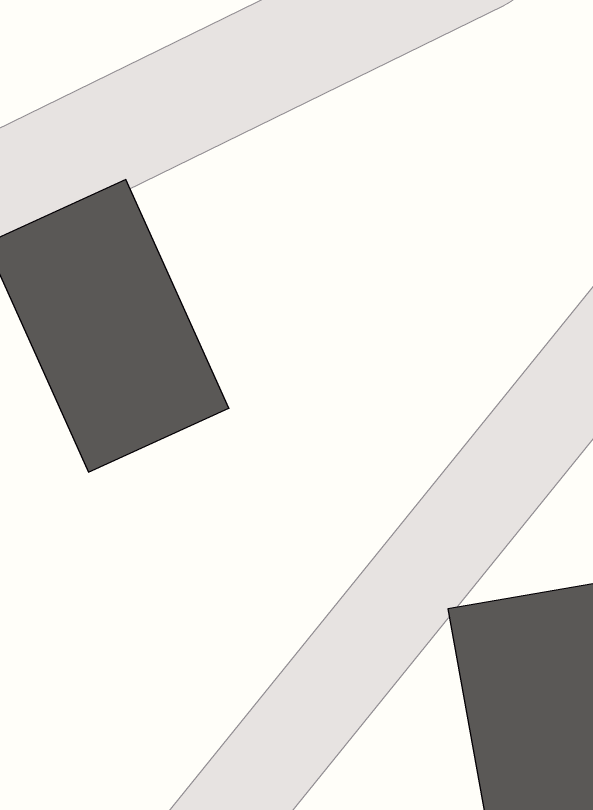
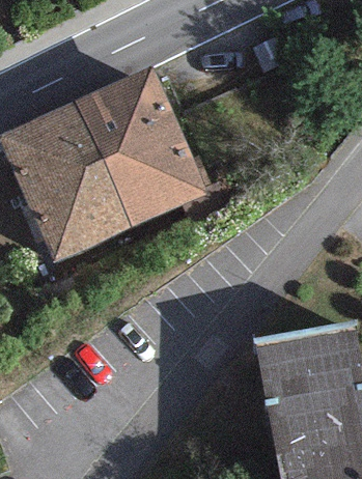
building: none -> [75,67,203,228]

